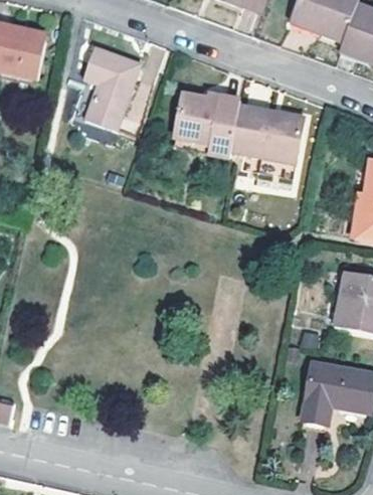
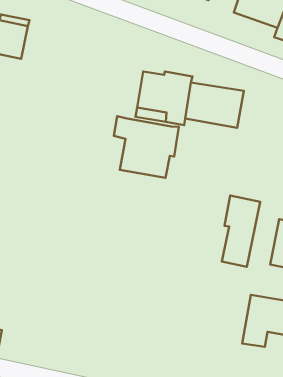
building: [84,46,141,132] -> none
building: none -> [114,116,179,178]
building: none -> [222,196,260,267]

